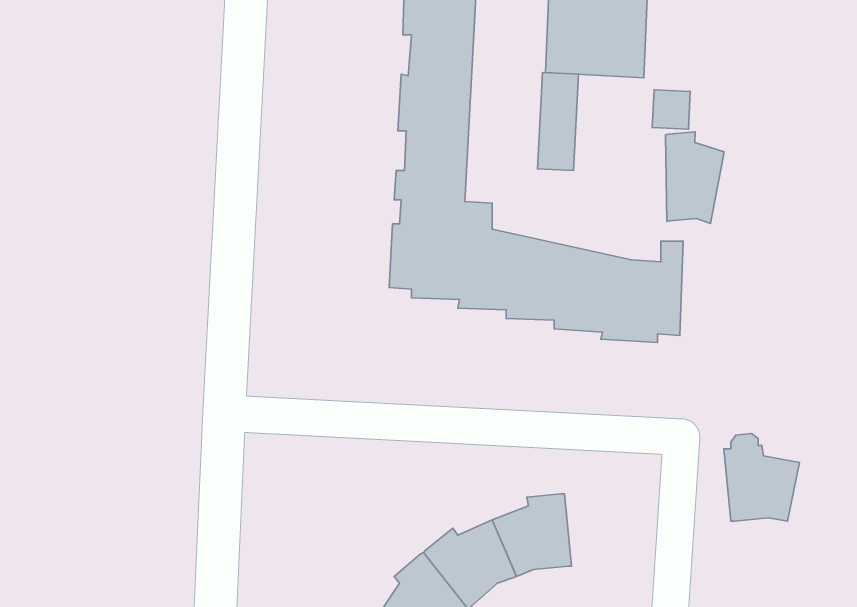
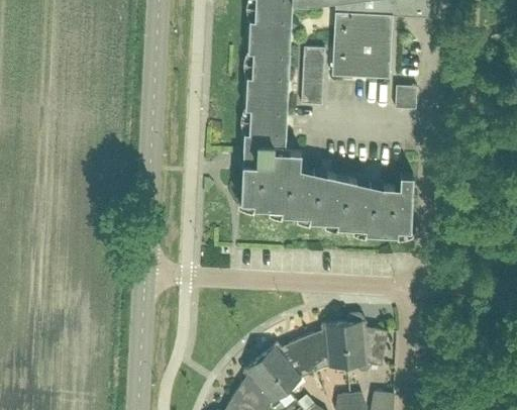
building: [537,73,579,171] -> [301,49,325,107]
building: [666,132,724,223] -> none
building: [724,433,800,521] -> [343,316,388,368]

